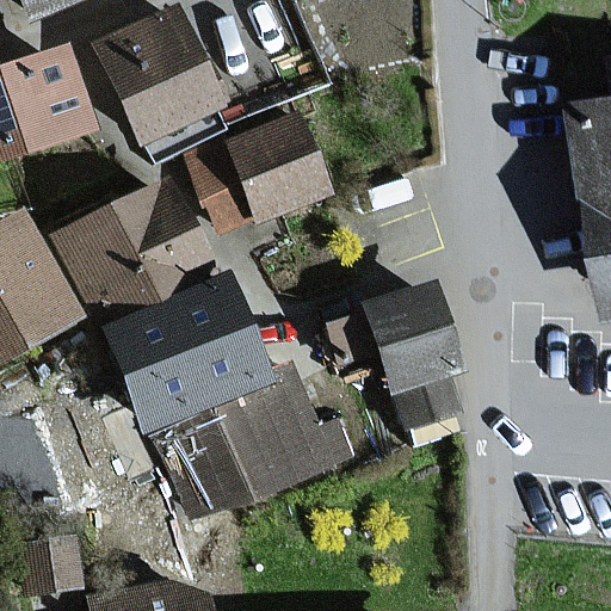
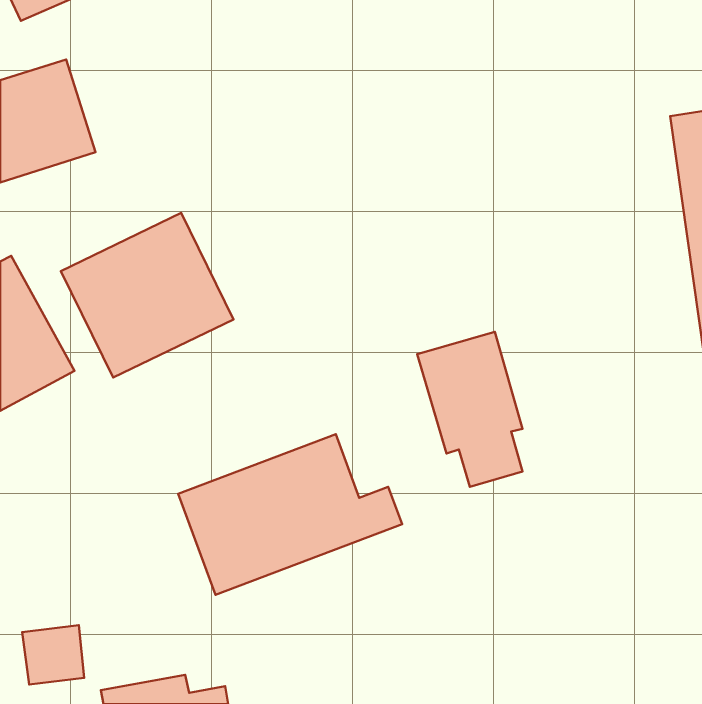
building: [97,10,216,138] -> none
building: [195,117,322,229] -> none
building: [112,290,251,415] -> none

